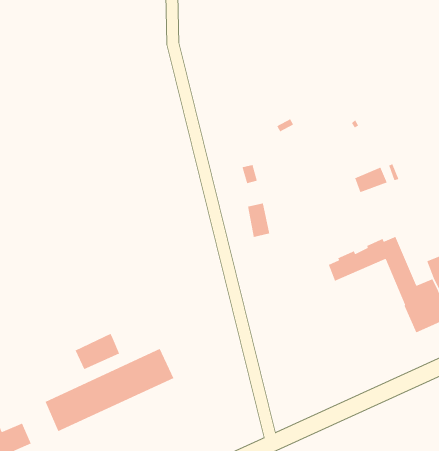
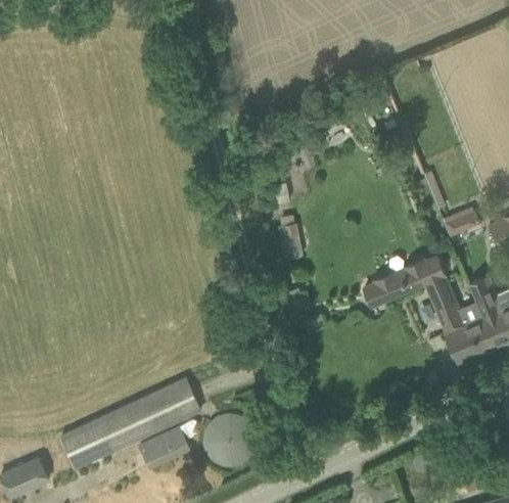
building: [354,166,388,193] -> [443,205,478,234]
building: [74,333,120,370] -> [139,426,188,466]
building: none -> [201,412,257,467]

